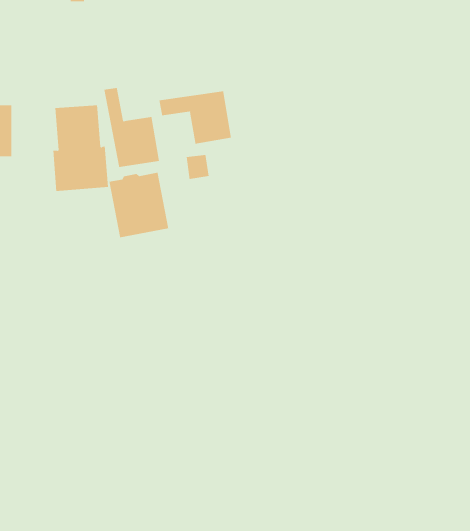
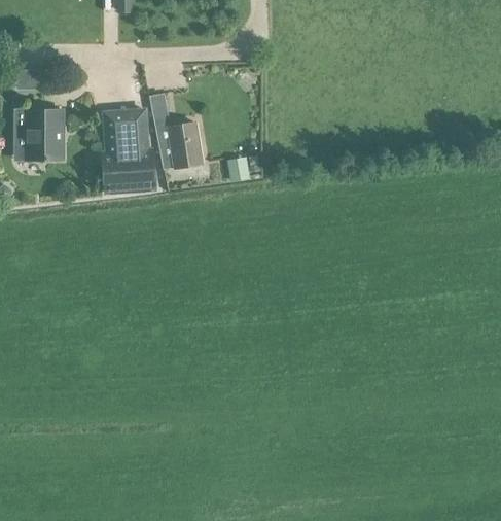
building: [159,91,231,145] -> none
building: [109,172,169,238] -> none

